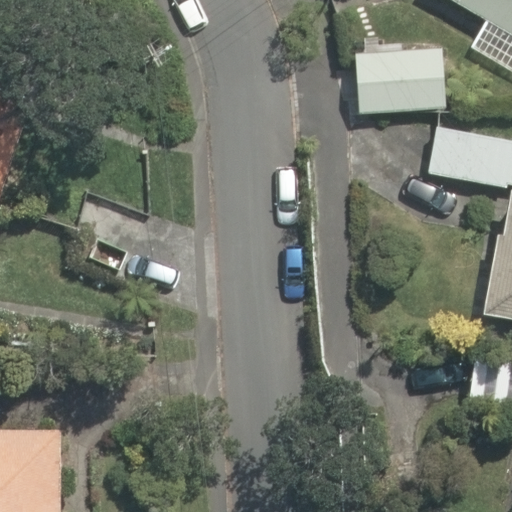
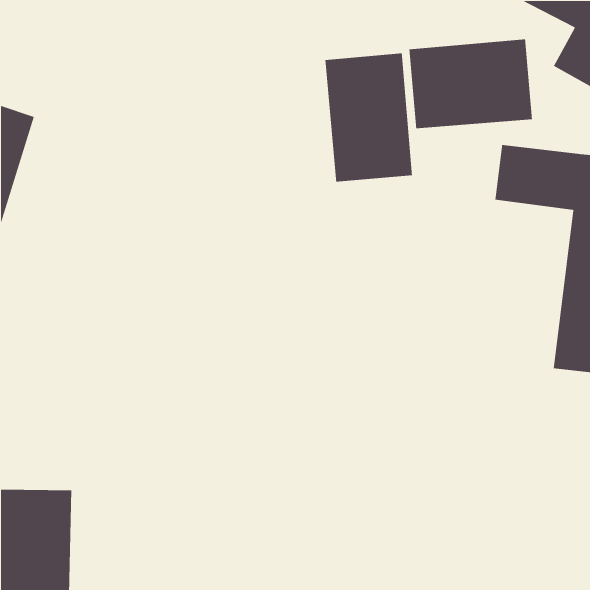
building: none -> [324,53,413,182]

